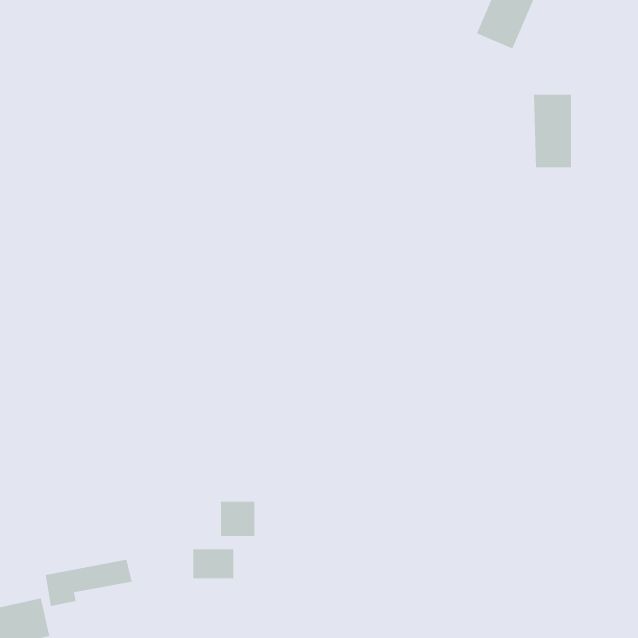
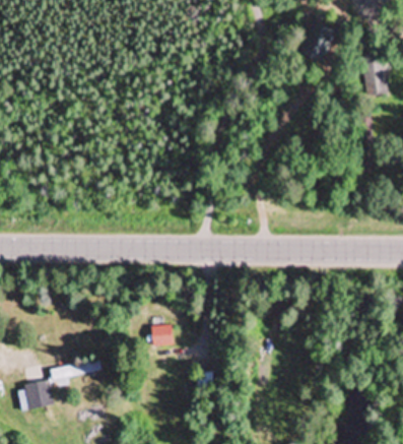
building: [533,94,572,168] -> [364,53,387,96]
building: [193,549,234,579] -> none

